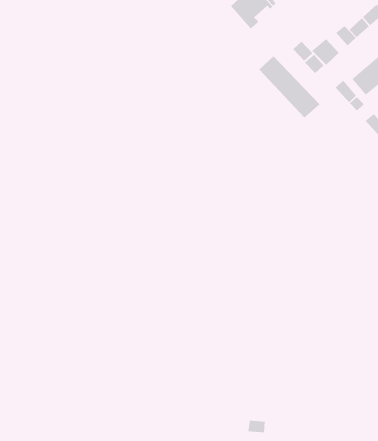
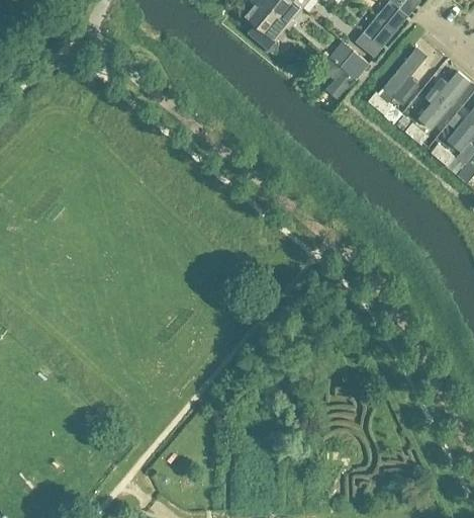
building: [259,56,321,119] -> none

